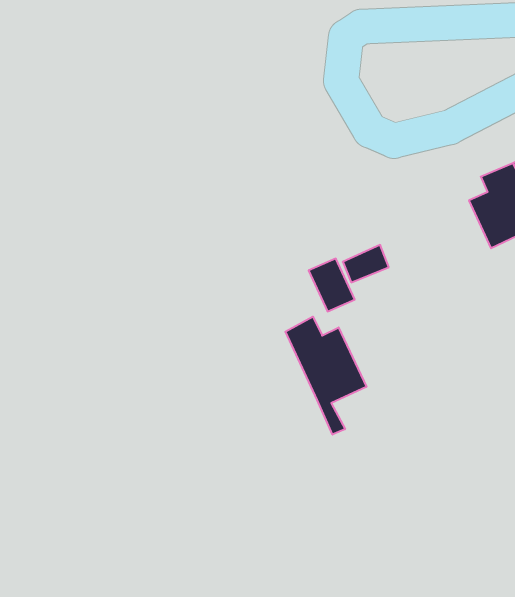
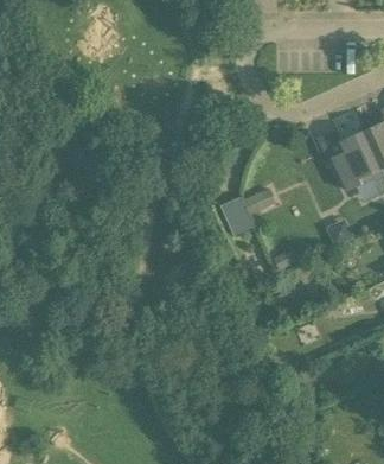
building: [285,317,366,435] -> none

